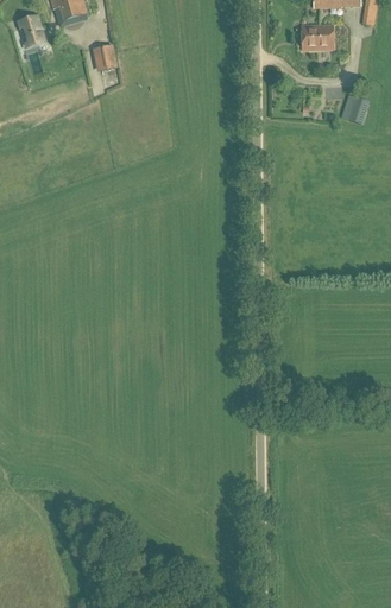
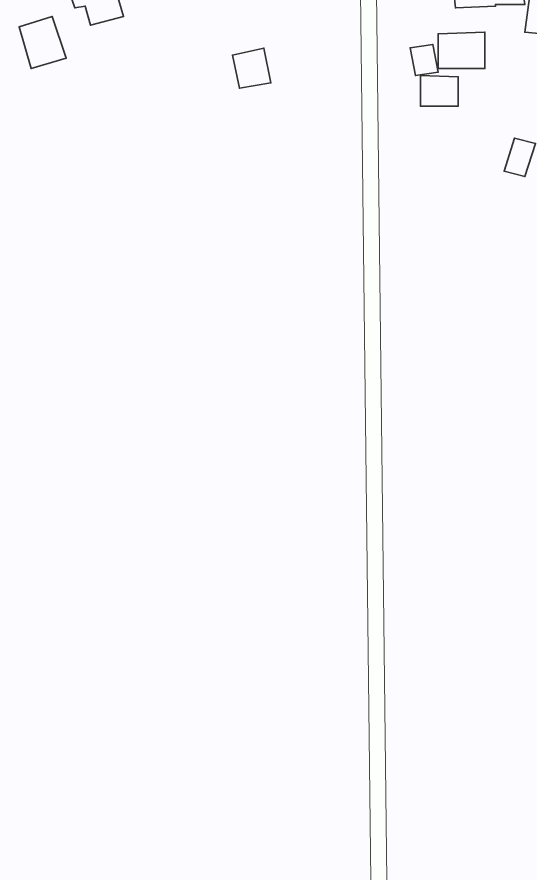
building: [93,43,119,70] -> [233,48,271,88]
building: none -> [420,75,458,106]

